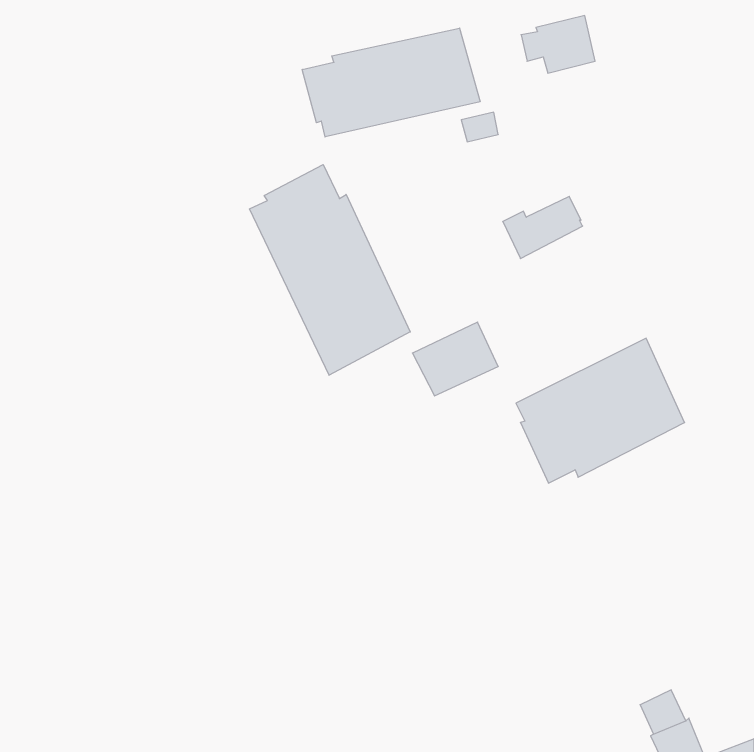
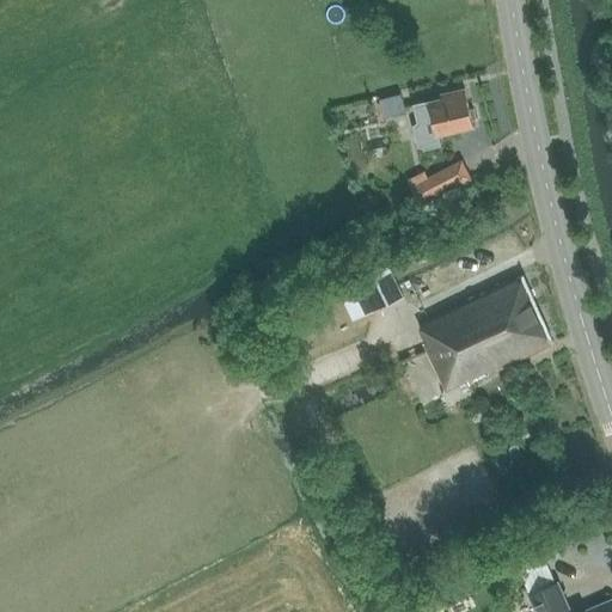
building: [521,16,595,73] -> [412,91,472,137]
building: [302,28,480,137] -> none
building: [250,165,410,375] -> none

